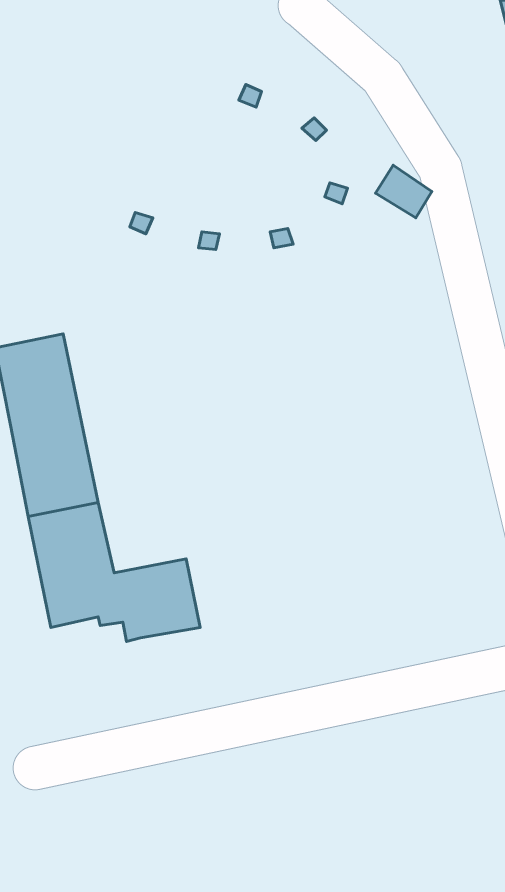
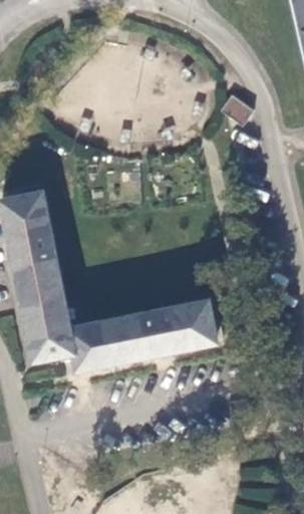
building: none -> [110,300,214,358]

